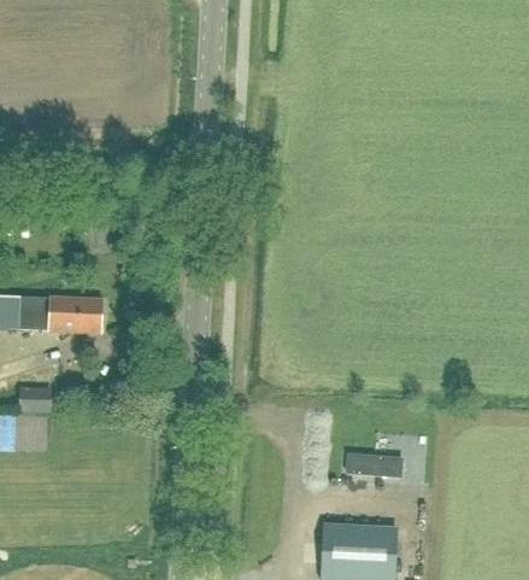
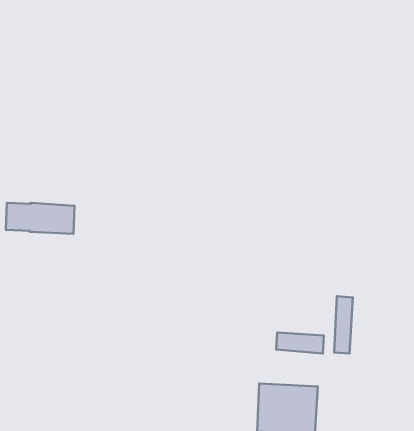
building: [18,389,51,412] -> none
building: none -> [334,296,353,353]

